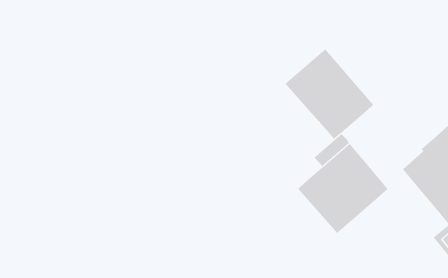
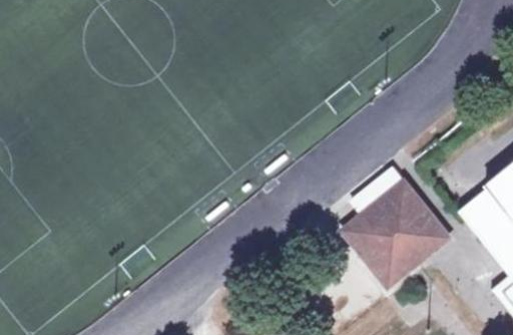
building: [285,48,374,140] -> none

